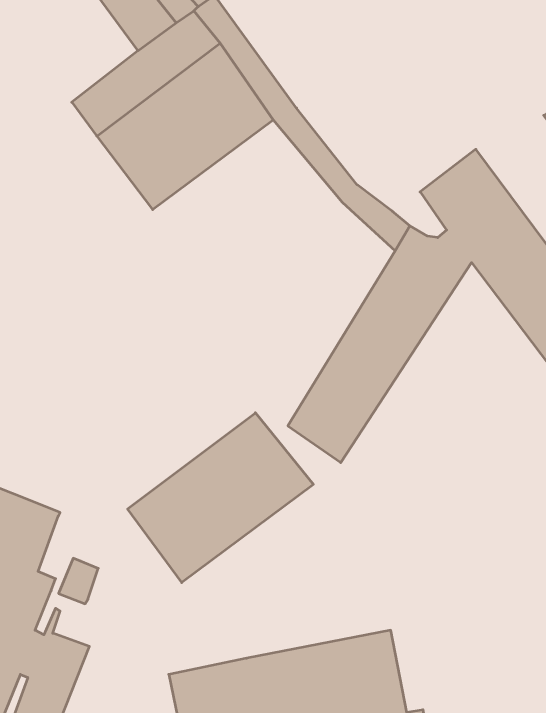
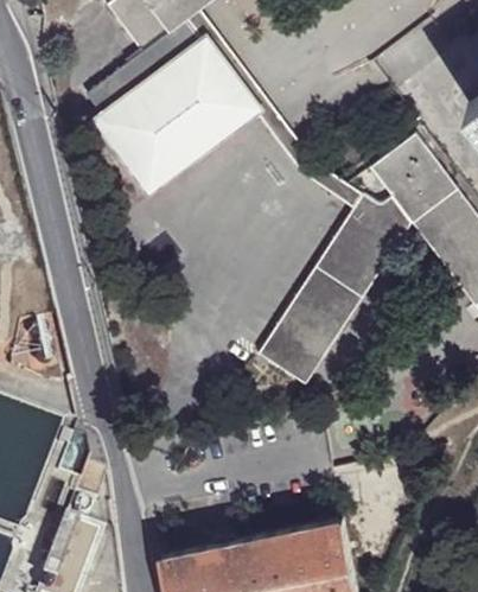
building: [128,413,313,583] -> none

